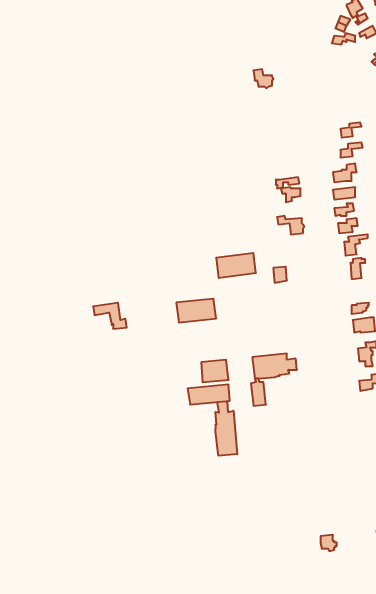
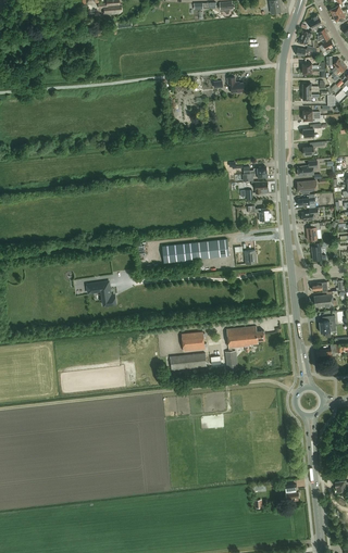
building: [176,299,216,322] -> [162,242,197,263]
building: [215,401,237,456] -> none

